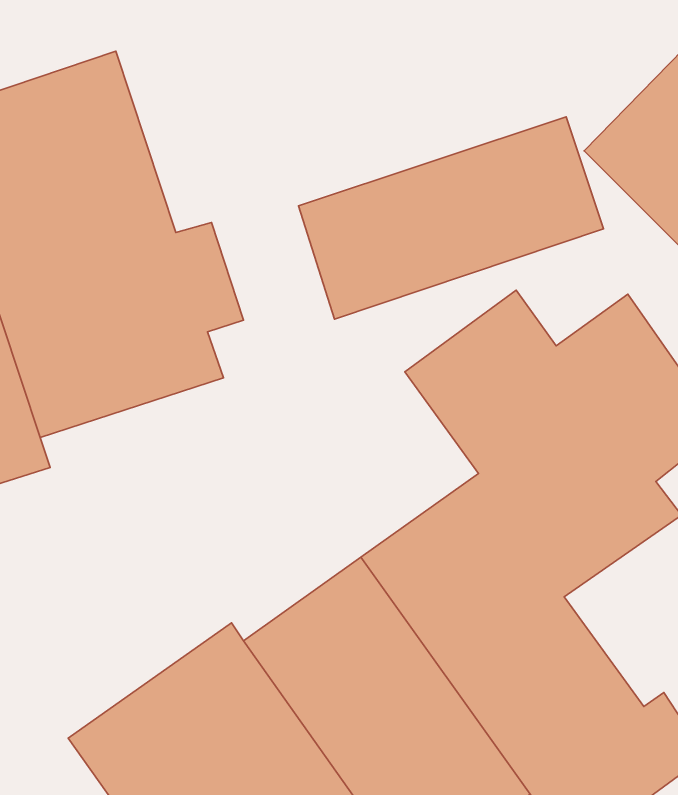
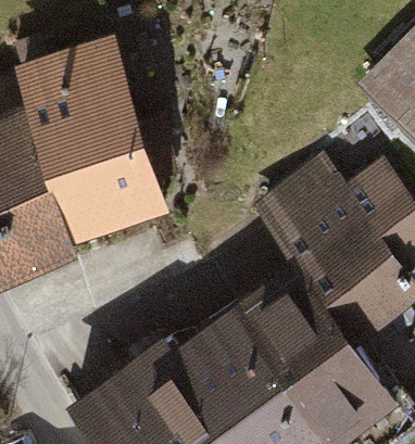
building: [298,117,604,319] -> none

